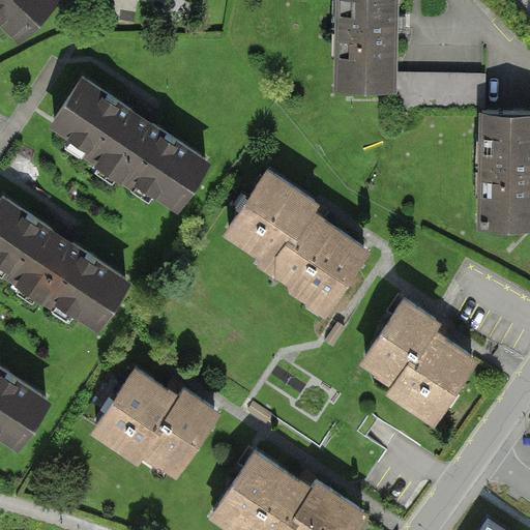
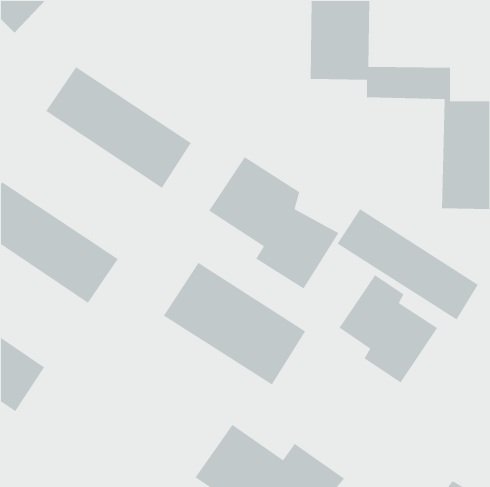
building: none -> [337,208,479,320]
building: none -> [163,262,306,385]
building: [81,369,224,483] -> none

